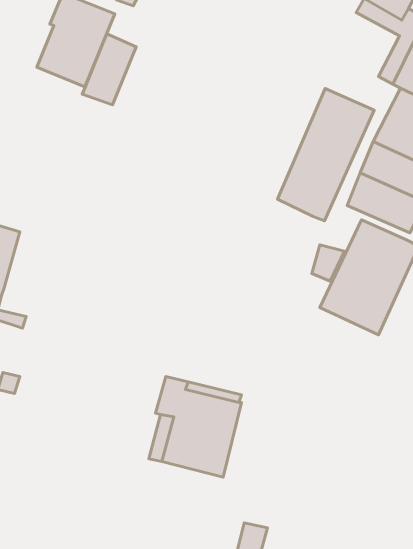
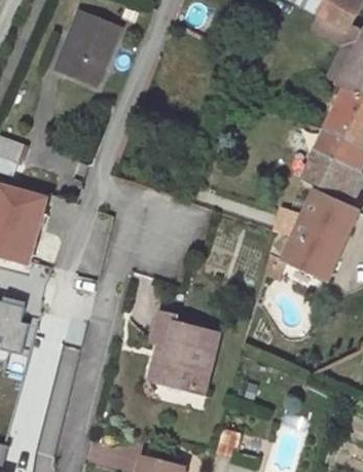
building: [82,34,136,105] -> none
building: [277,89,374,221] -> none

